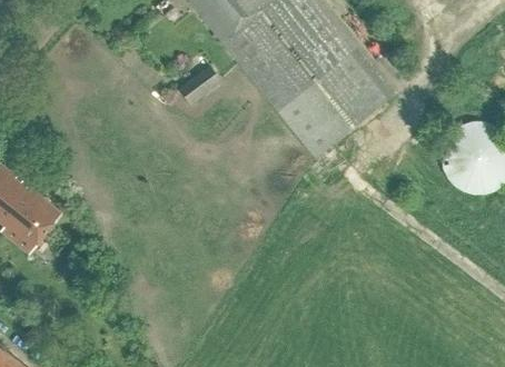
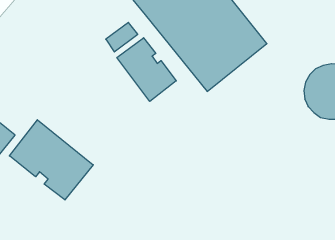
building: none -> [117,38,176,101]
building: none -> [9,120,93,200]

